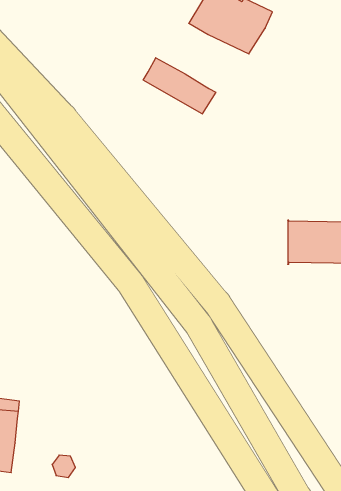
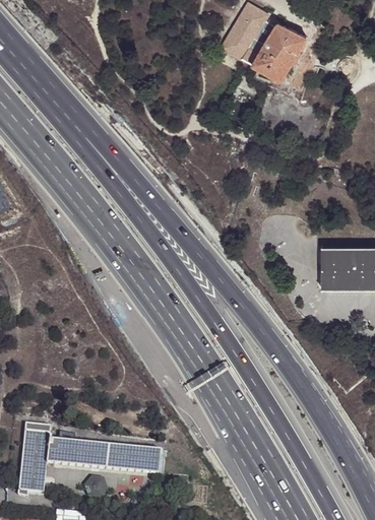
building: [143,58,216,114] -> none
building: none -> [48,442,162,477]

